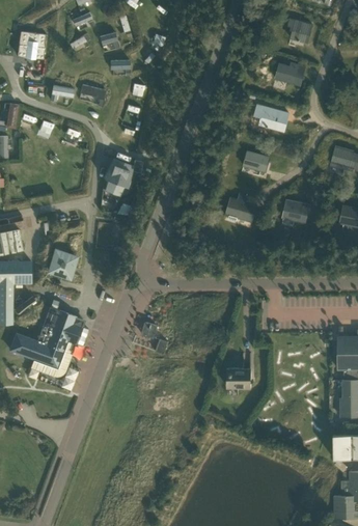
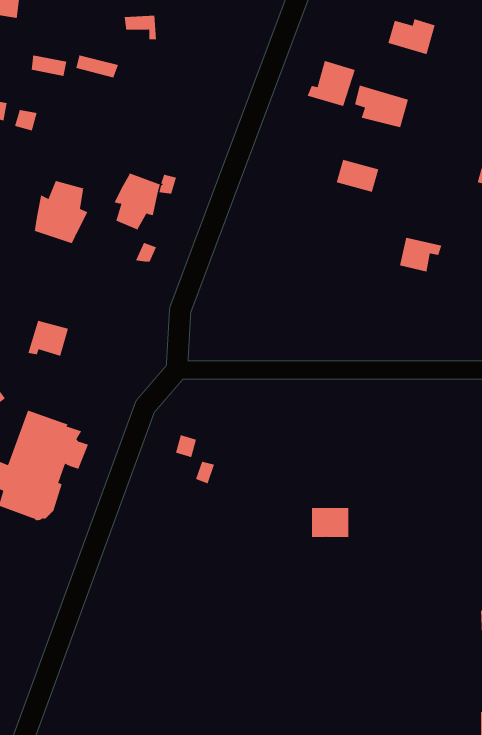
building: none -> [307,60,355,107]
building: none -> [33,180,88,245]
building: [226,194,256,221] -> none

